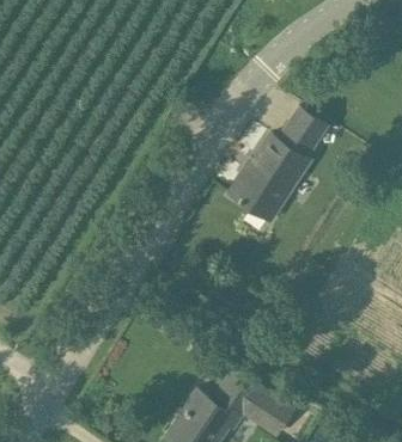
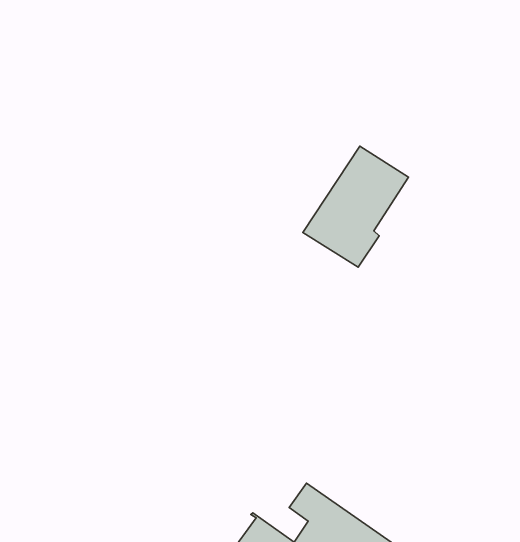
building: [287,108,327,143] -> none

